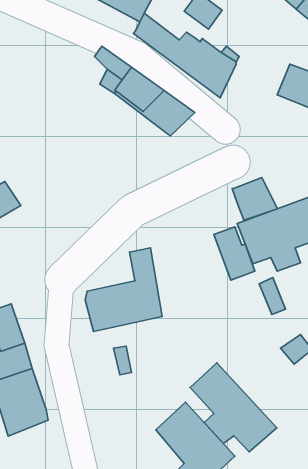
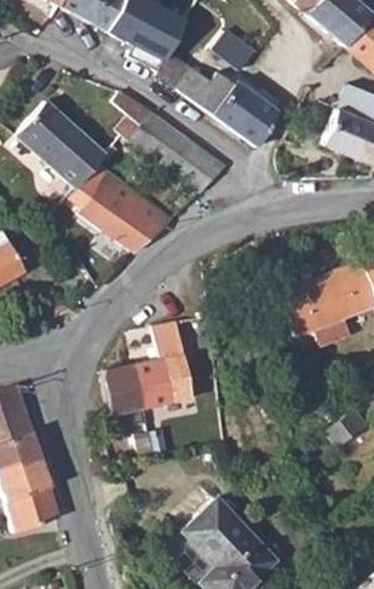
building: none -> [19,99,108,187]
building: none -> [80,183,162,252]
building: [232,178,277,220] -> none
building: [214,227,255,280] -> none
building: [190,363,277,452] -> none

